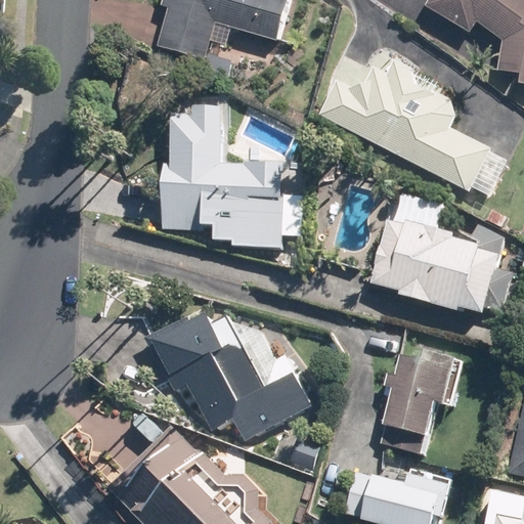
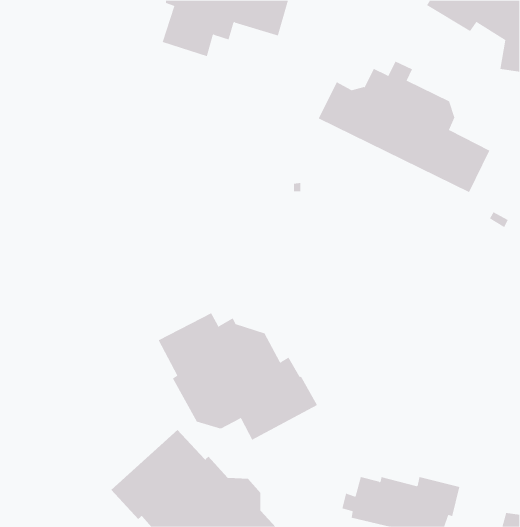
building: [162,111,282,246] -> none
building: [369,224,501,310] -> none
building: [378,350,458,454] -> none

